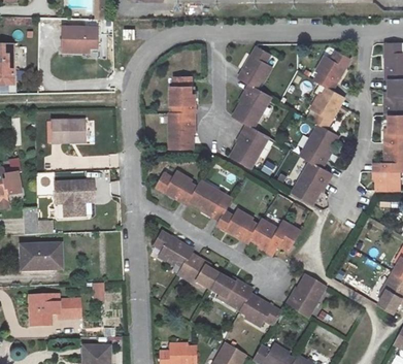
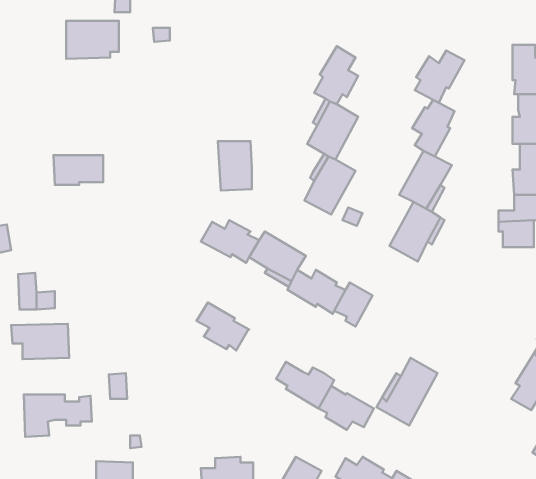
building: [171,75,197,112] -> none
building: [53,181,93,218] -> none
building: [269,217,303,252] -> none
building: [179,251,219,286] -> none

